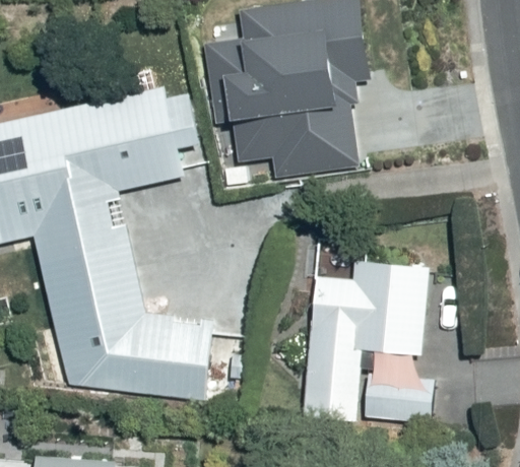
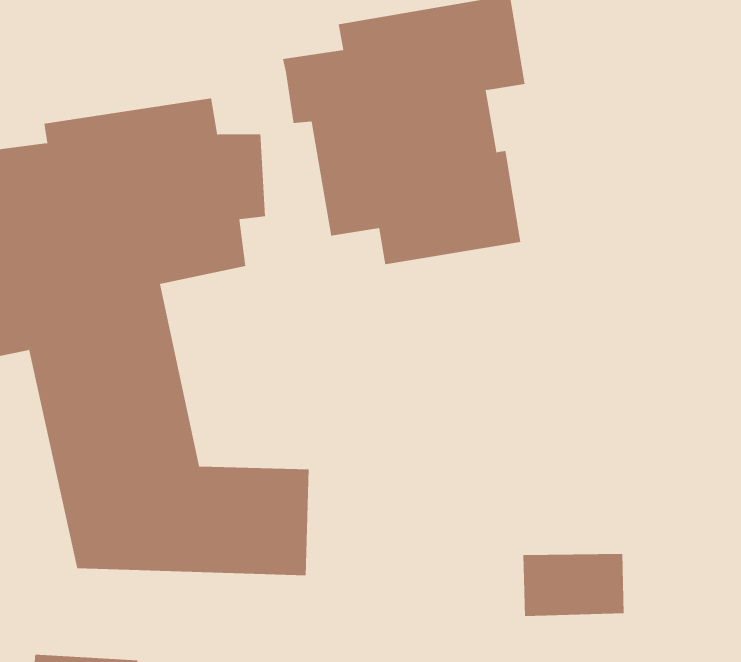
building: [309,264,426,417] -> none

